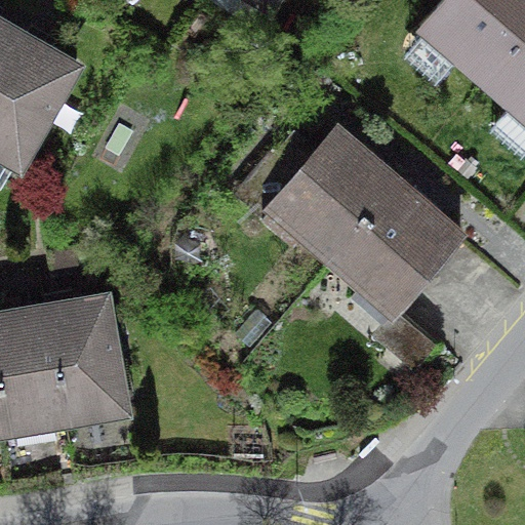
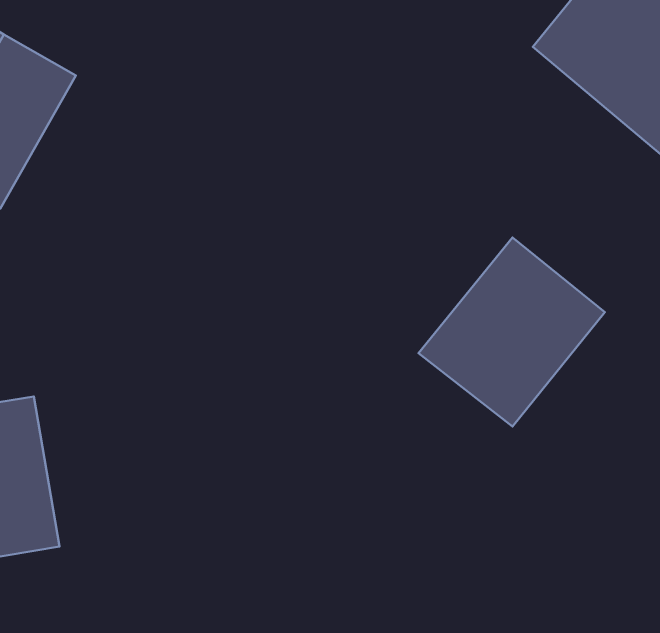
building: [271,131,406,271] -> none
building: [45,293,124,416] -> none

